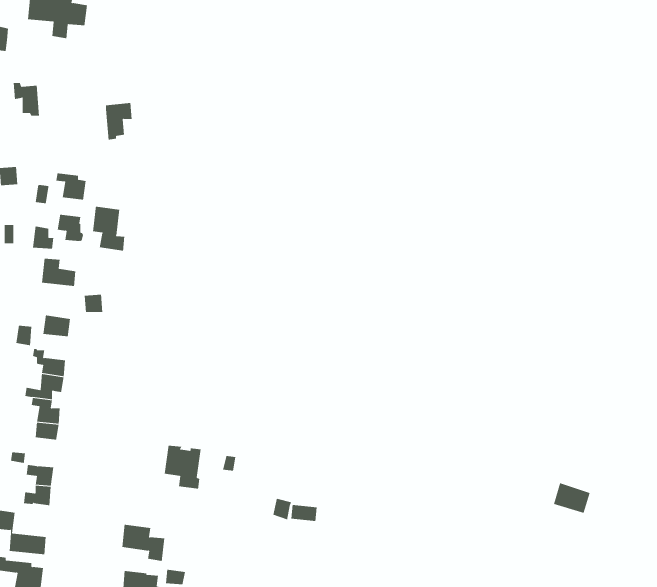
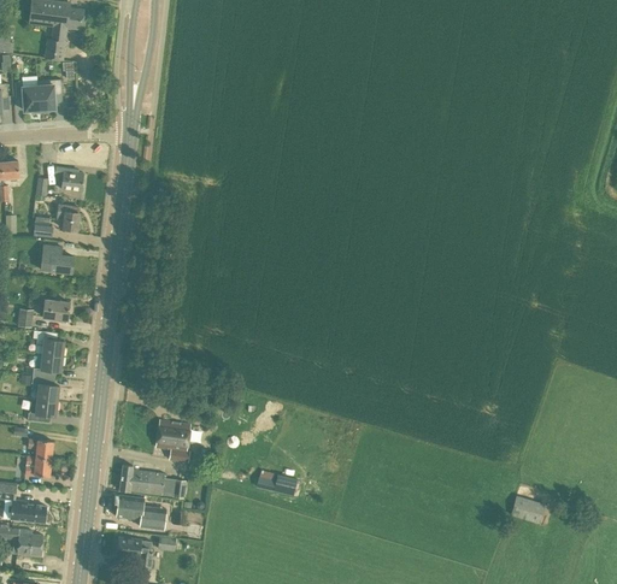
building: [105,103,132,140] -> [37,78,63,113]
building: [92,206,125,251] -> none
building: [553,482,591,513] -> [510,495,545,524]
building: none -> [119,464,186,499]

